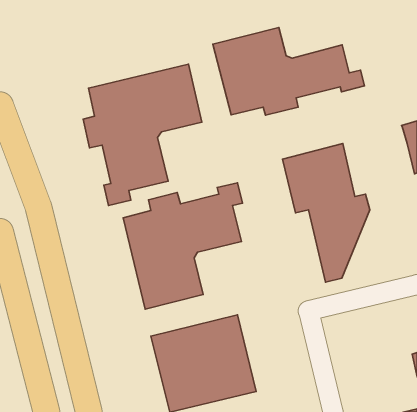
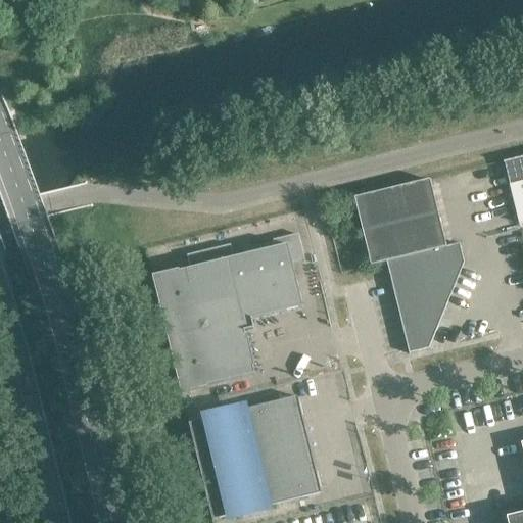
building: [213,27,365,115] -> none
building: [83,64,202,206] -> none

